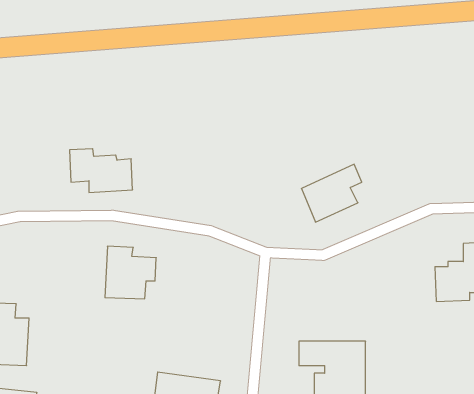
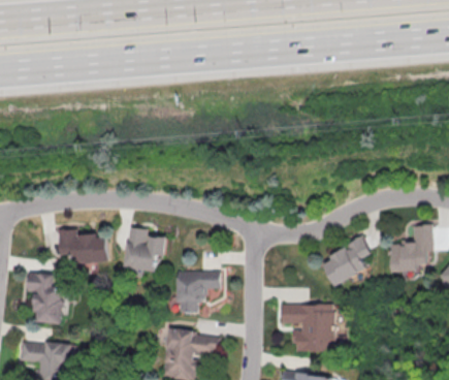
building: [70,149,133,192] -> [57,228,107,263]
building: [301,164,362,222] -> [321,239,370,285]
building: none -> [177,271,219,312]

